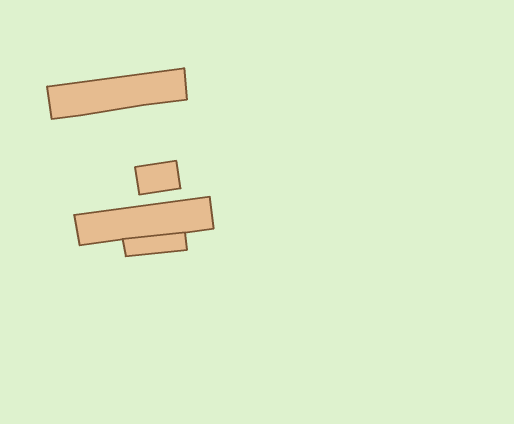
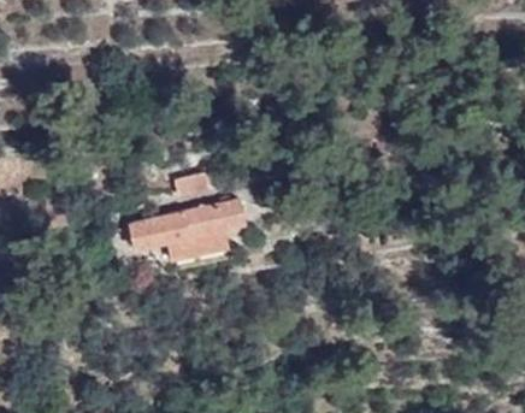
building: [47,68,187,119] -> none

